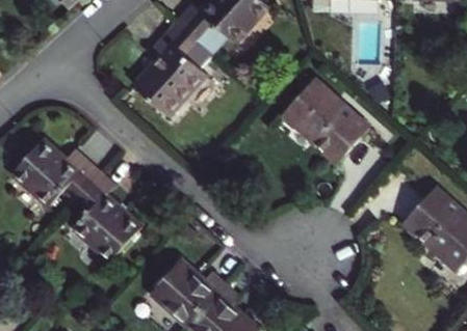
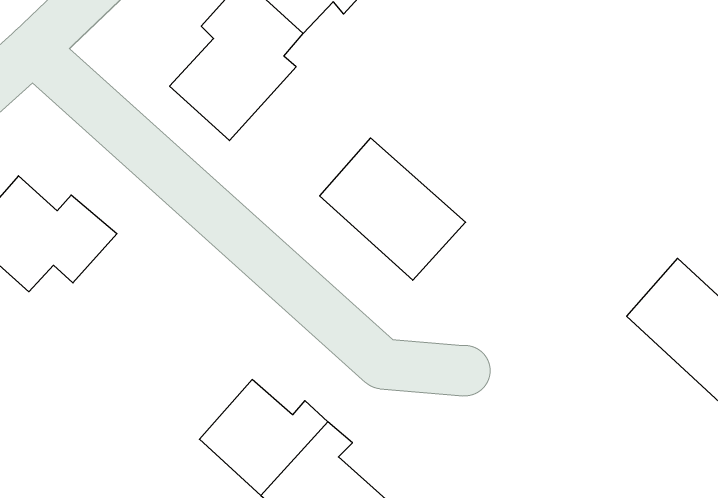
building: [282,79,368,163] -> [320,138,466,280]
building: [73,172,141,261] -> none

